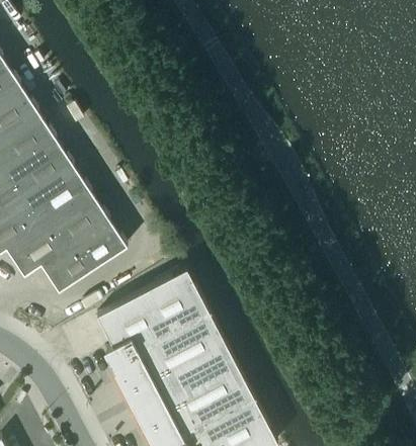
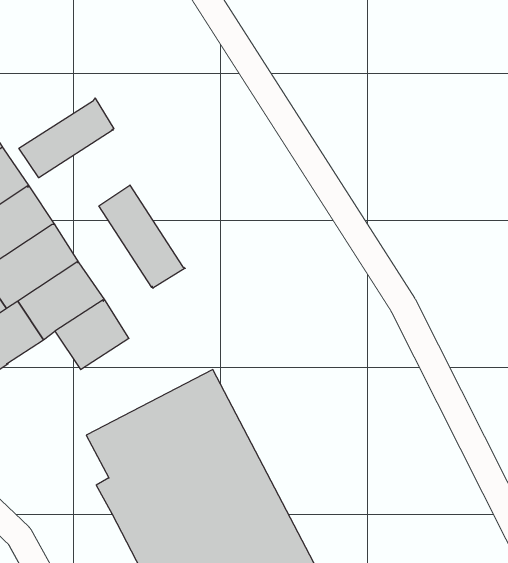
building: none -> [19,98,114,178]
building: none -> [99,185,185,288]
building: [39,243,92,293] -> none

